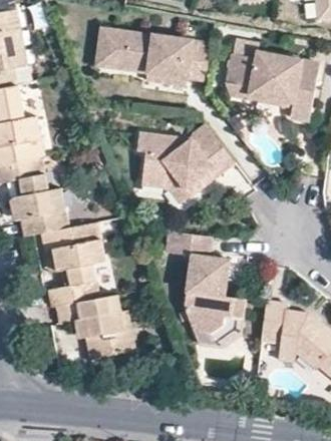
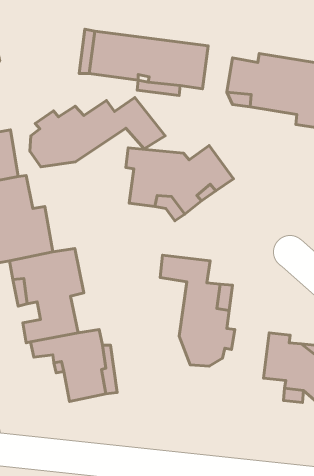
building: none -> [30,97,165,167]

